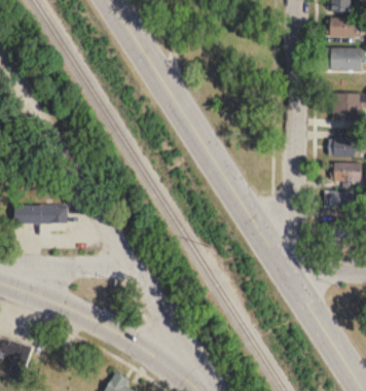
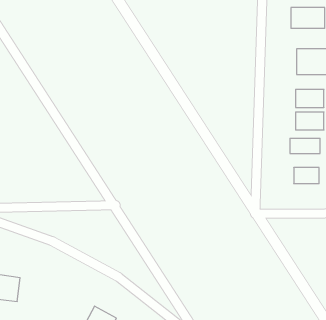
building: [13,206,67,224] -> none

